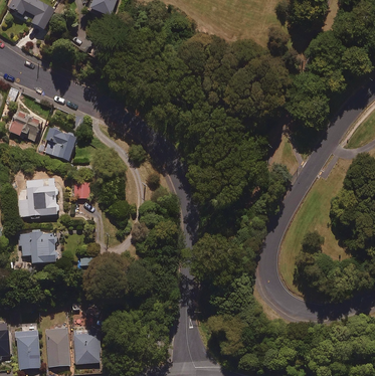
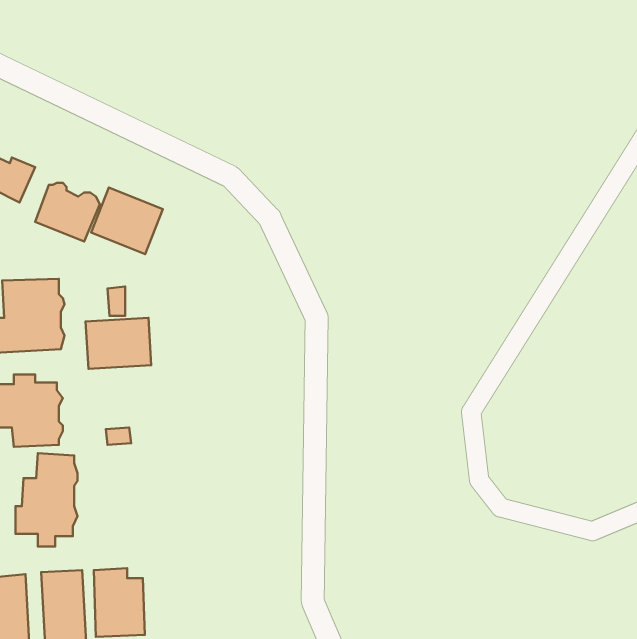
building: none -> [91,187,163,254]
building: none -> [86,318,151,369]
building: none -> [16,453,77,546]

